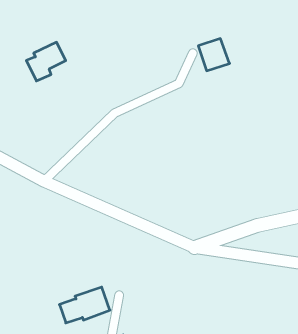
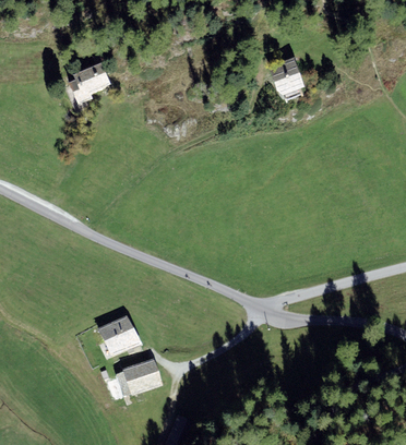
building: none -> [97,312,141,356]

